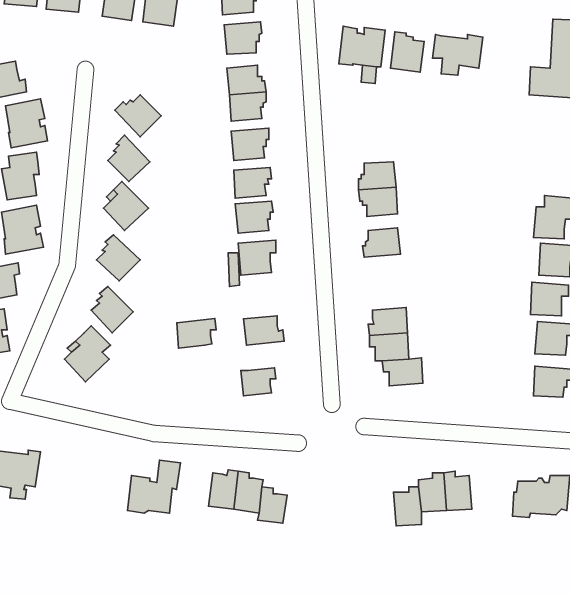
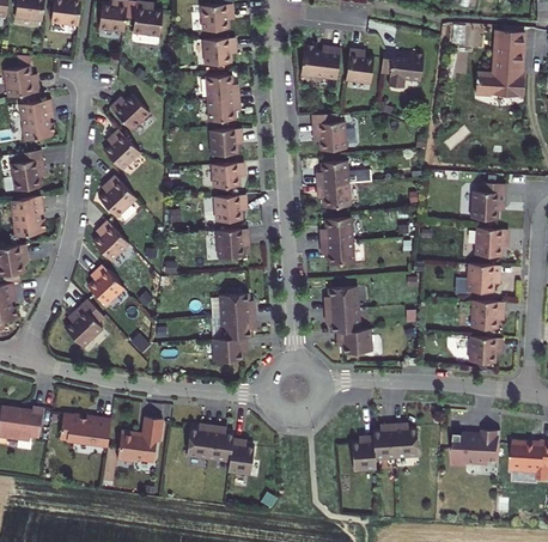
building: none -> [312,111,347,148]
building: none -> [322,238,354,262]
building: [177,319,216,348] -> [221,312,255,337]
building: none -> [61,410,114,444]

